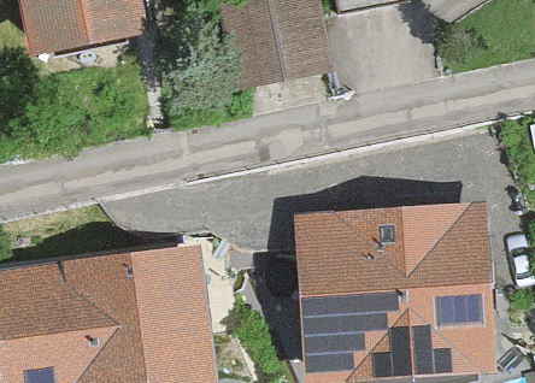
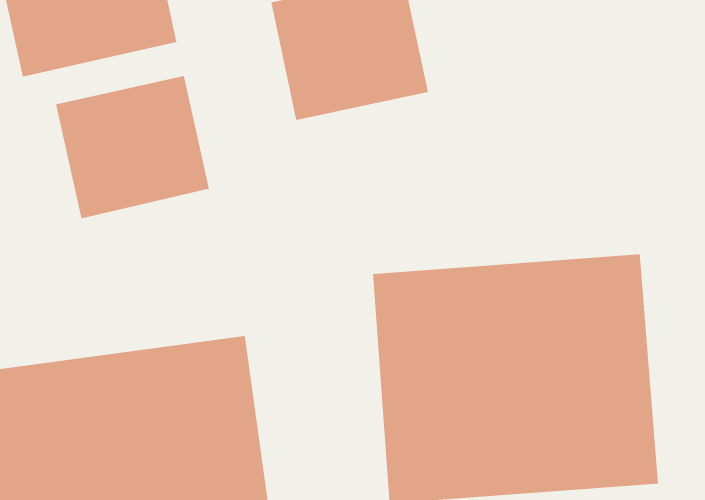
building: none -> [55,75,209,219]

